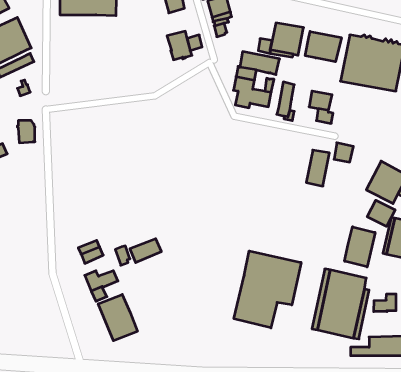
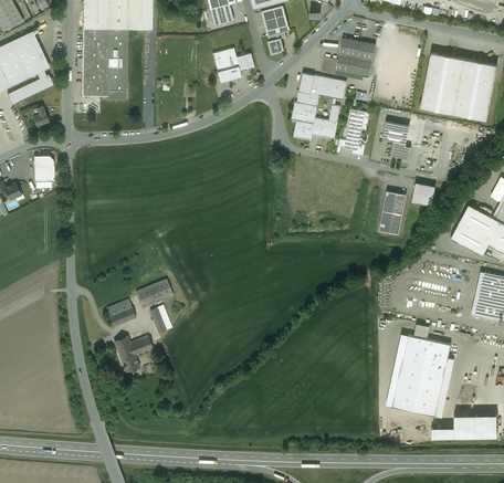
building: none -> [83,29,127,98]
building: [305,31,341,62] -> none
building: [367,200,395,226] -> none
building: [345,227,375,267] -> none
building: [130,239,161,263] -> [136,280,174,308]
building: [234,251,301,328] -> none
building: [374,294,396,312] -> none
building: [98,294,137,341] -> none

